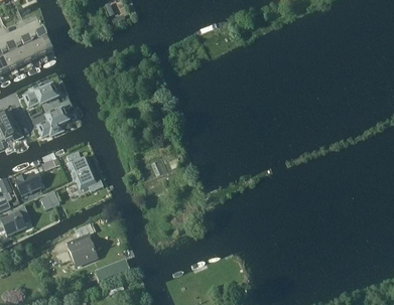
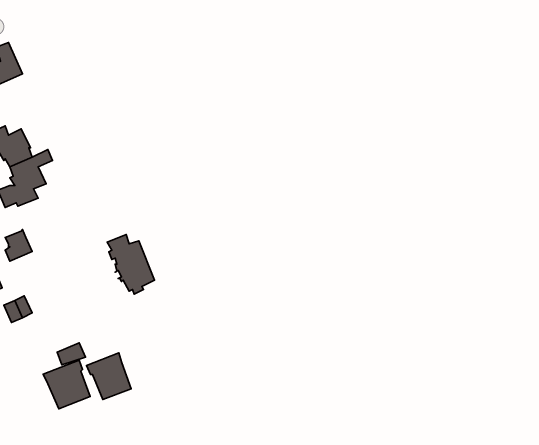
building: [67,151,97,189] -> [107,234,154,294]
building: none -> [86,353,131,400]

